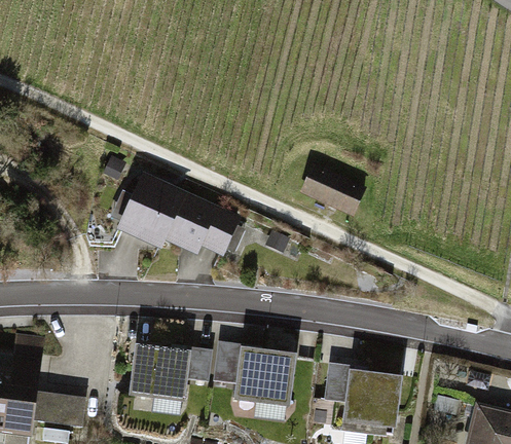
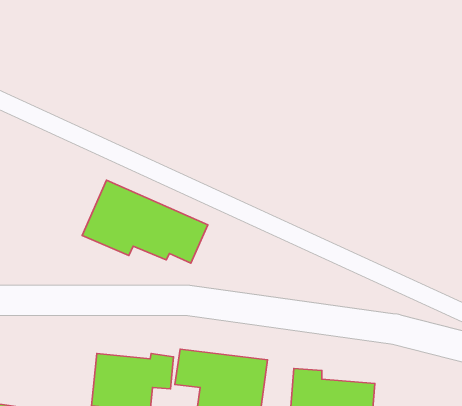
building: [297,163,367,216] -> none

